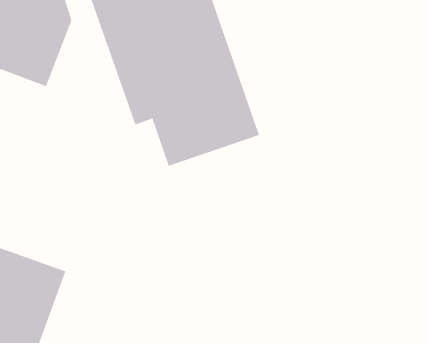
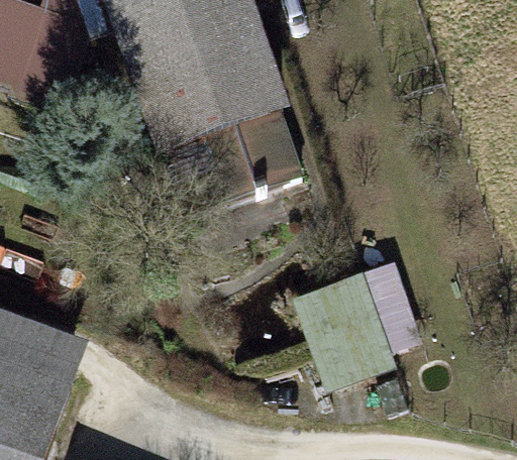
building: none -> [304,271,396,387]

